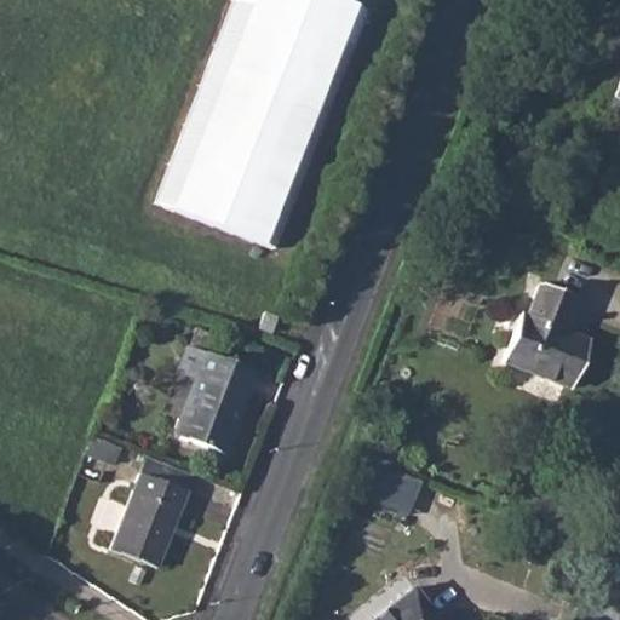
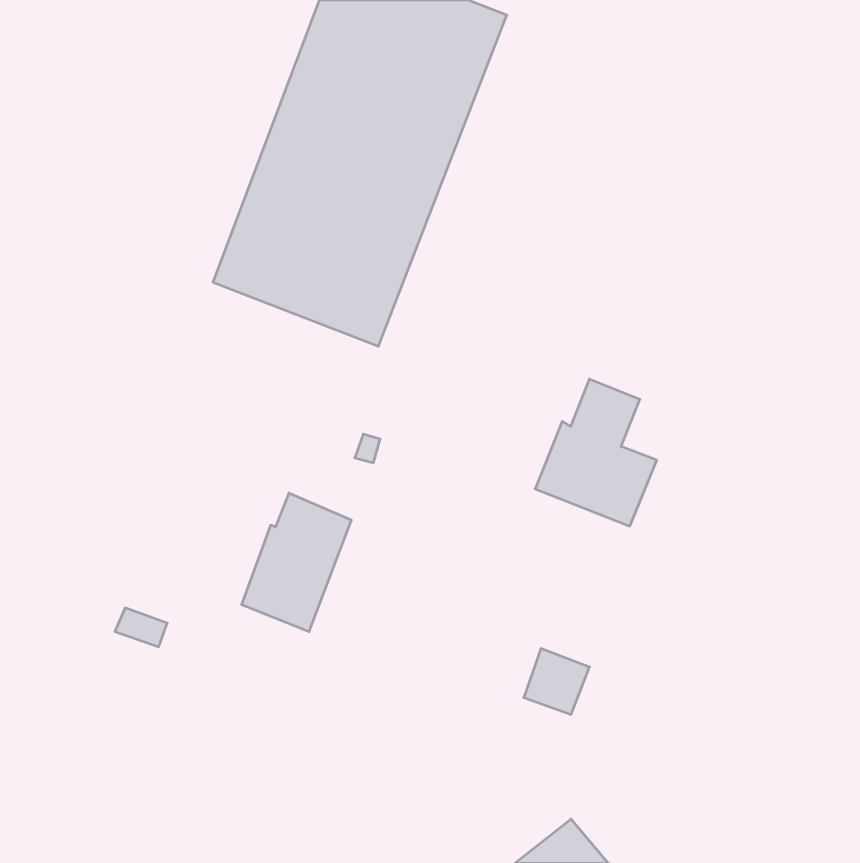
building: [504,281,591,386] -> [535,379,657,526]
building: [110,472,188,567] -> none

